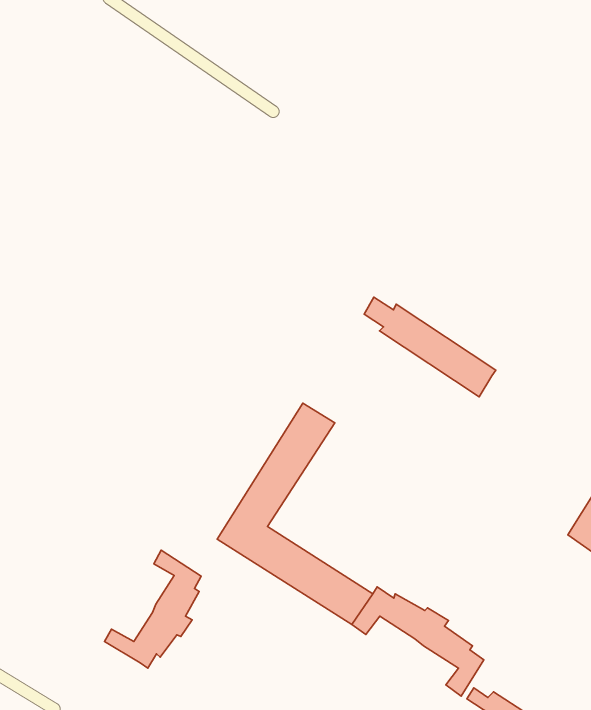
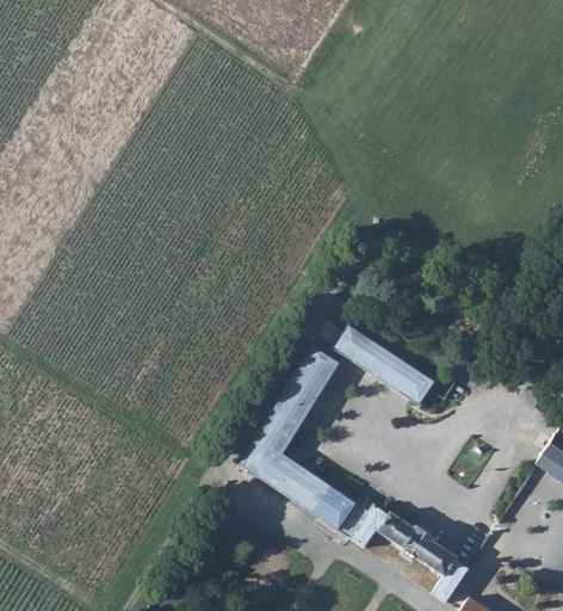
building: [364,297,496,397] -> [321,322,433,407]
building: [105,550,201,668] -> none

